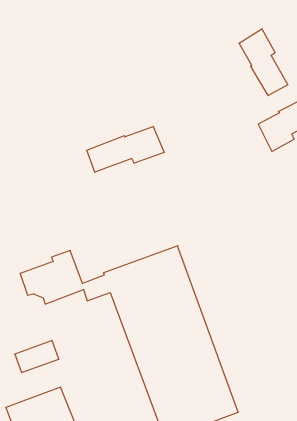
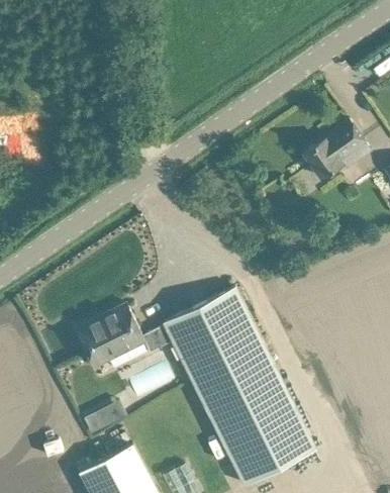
building: [239,29,288,96] -> none
building: [87,126,164,172] -> none

